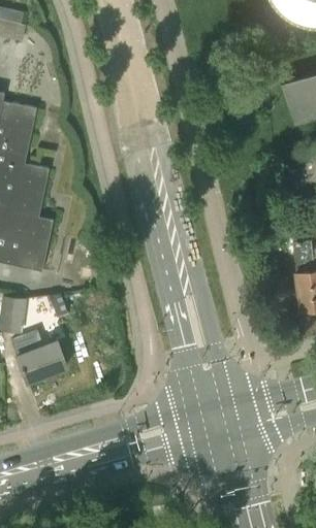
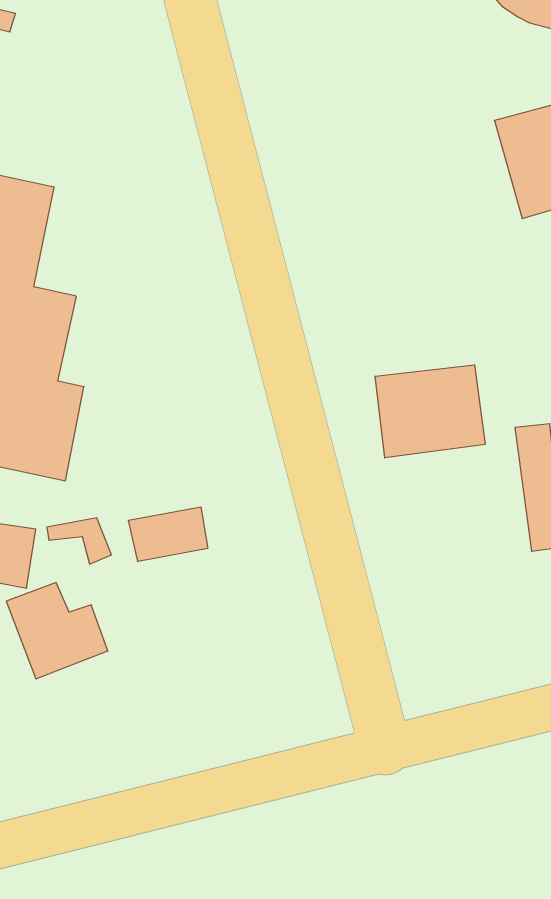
building: none -> [375,365,485,458]
building: none -> [129,507,208,562]

